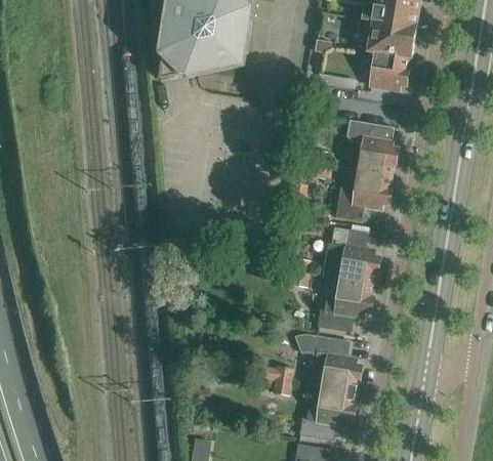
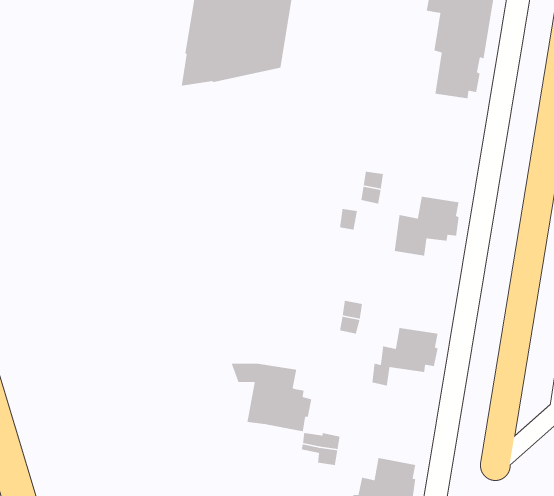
building: [346,119,398,175] -> none
building: [322,226,379,284] -> none
building: [294,335,362,392] -> [230,363,312,432]

